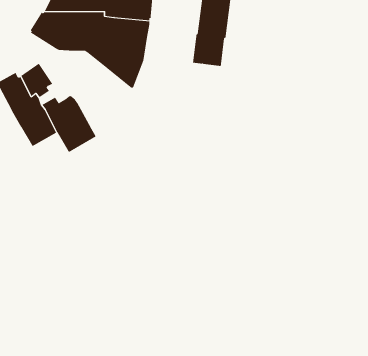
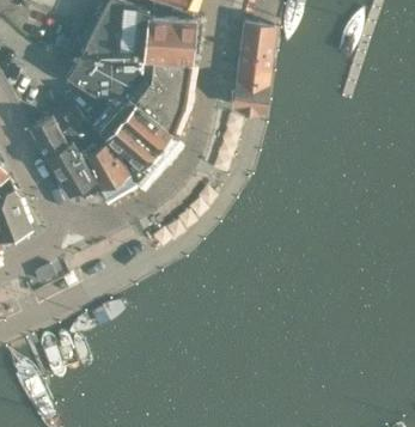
building: none -> [91,94,170,179]

